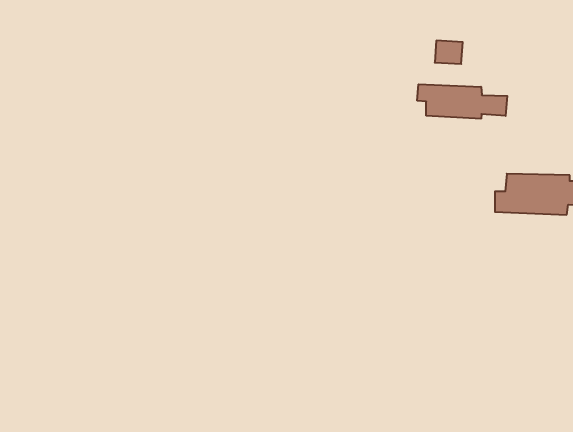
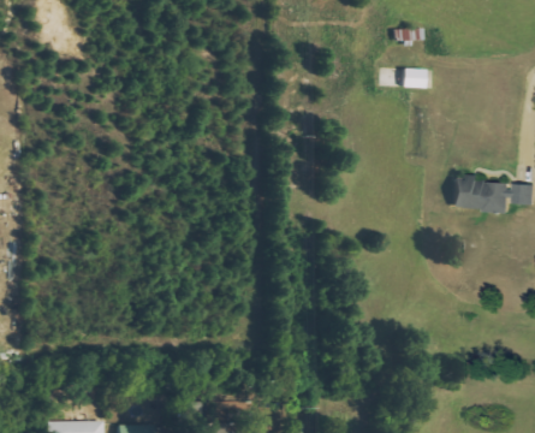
building: [417,84,507,119] -> none

